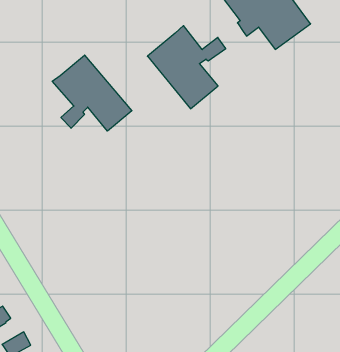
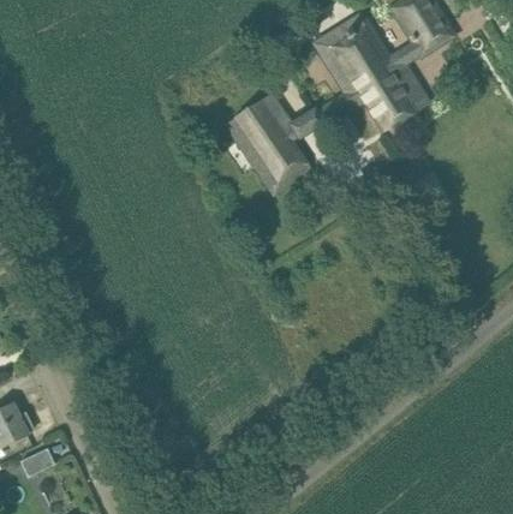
building: [52,55,132,131] -> none

